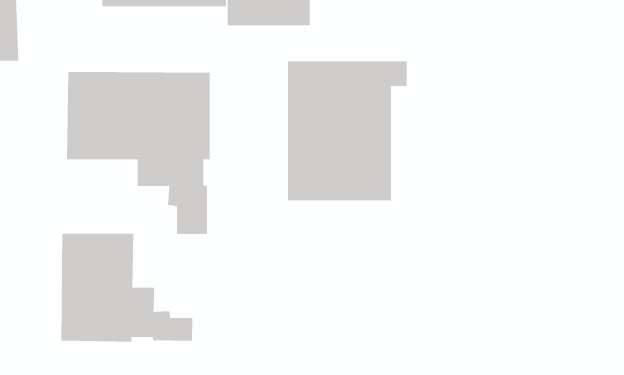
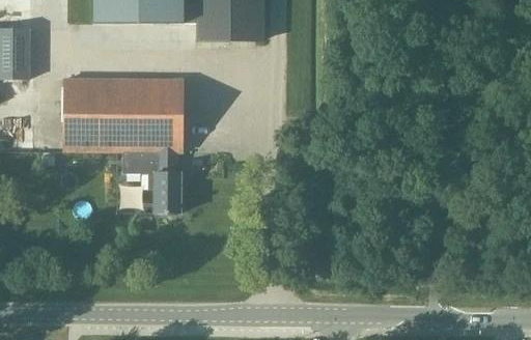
building: [288,60,407,201] -> none
building: [61,233,193,342] -> none

